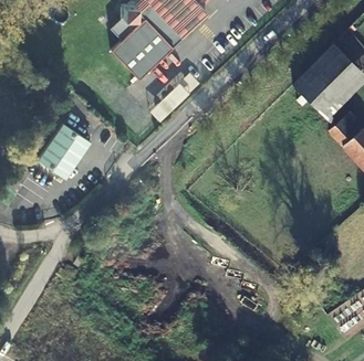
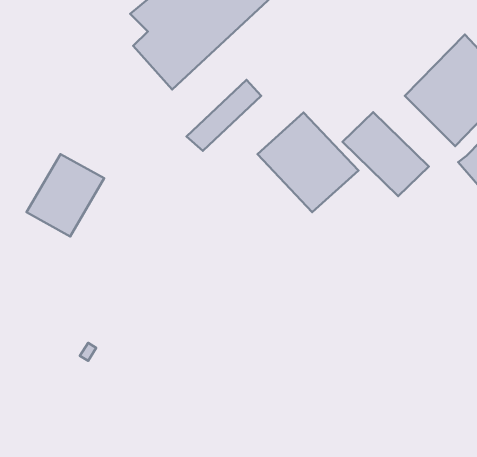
building: none -> [342,112,429,196]
building: none -> [258,113,358,212]

